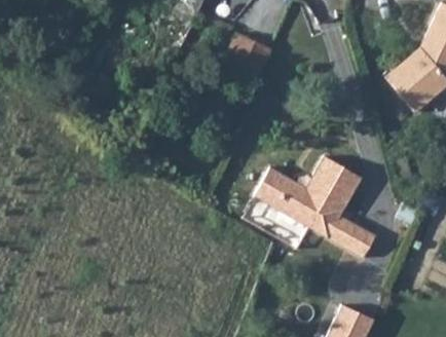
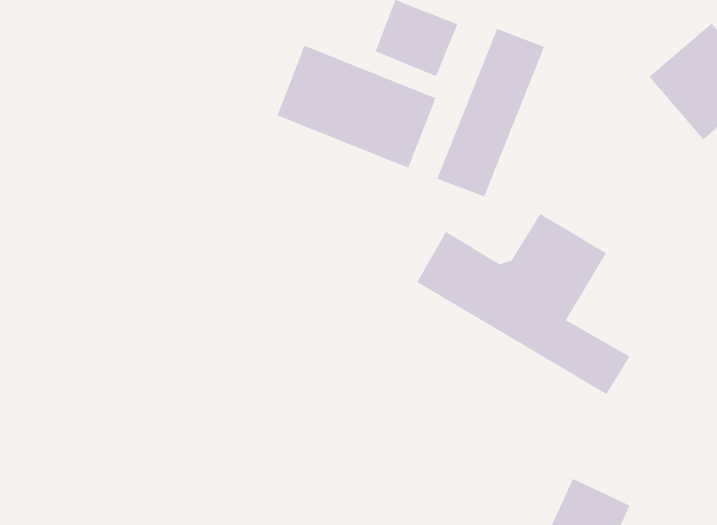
building: none -> [437,28,545,197]
building: none -> [277,45,436,169]

